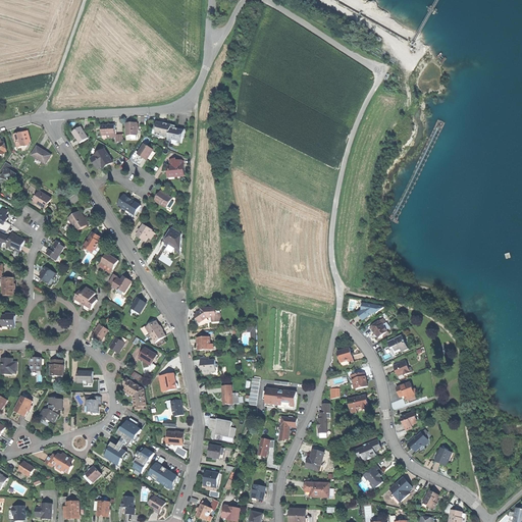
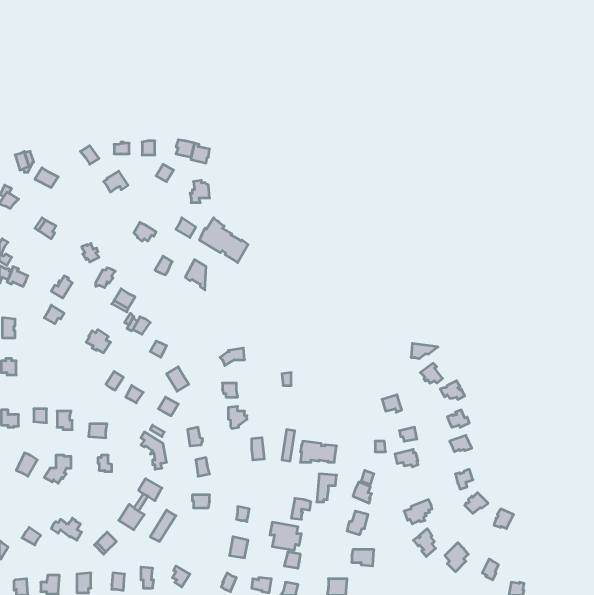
building: none -> [200,218,248,263]
building: [209,417,237,441] -> [270,522,301,550]
building: [146,463,176,492] -> none

